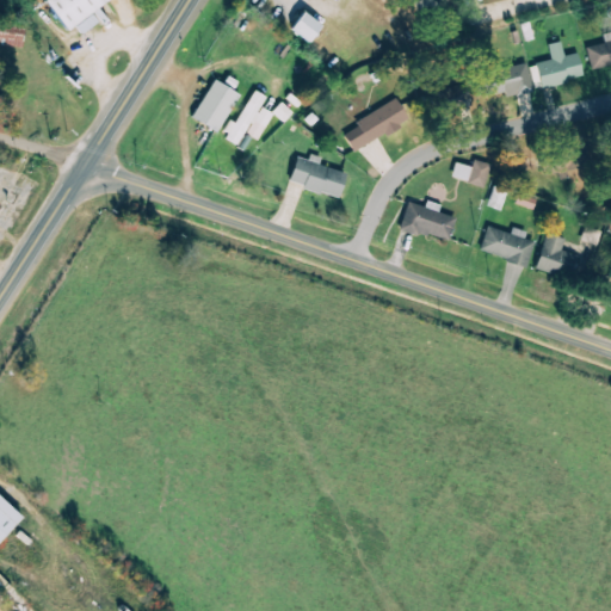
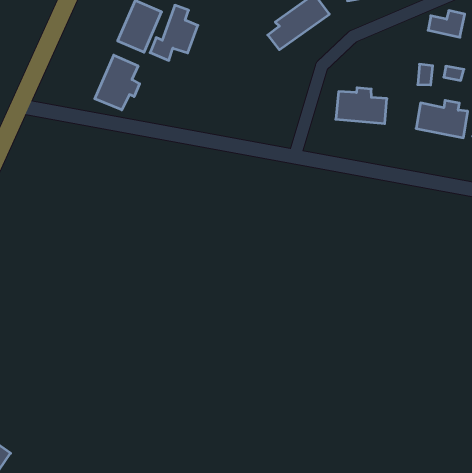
building: none -> [95,55,140,110]
building: [289,154,347,197] -> none
building: [452,159,492,187] -> [428,11,465,37]

